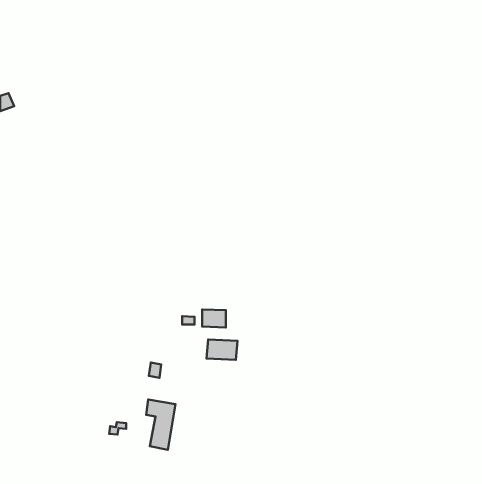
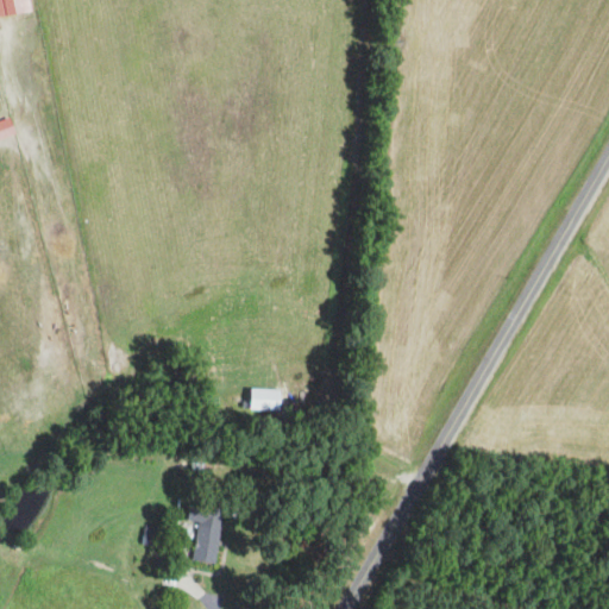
building: [207,340,238,360] -> none

